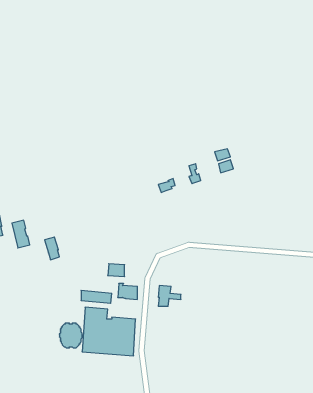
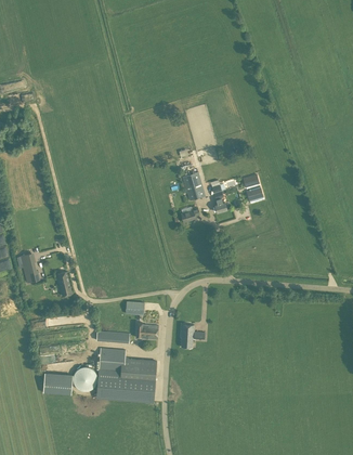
building: none -> [182,171,205,200]
building: none -> [41,370,71,394]

